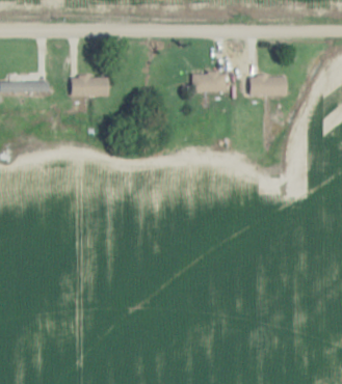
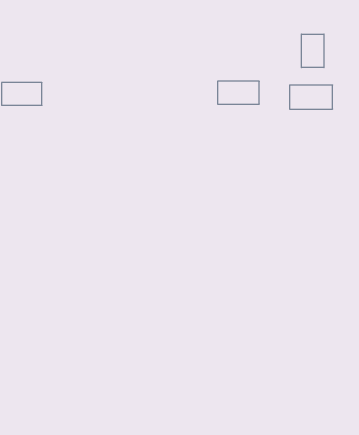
building: none -> [301,34,324,68]
building: [72,77,109,97] -> none

